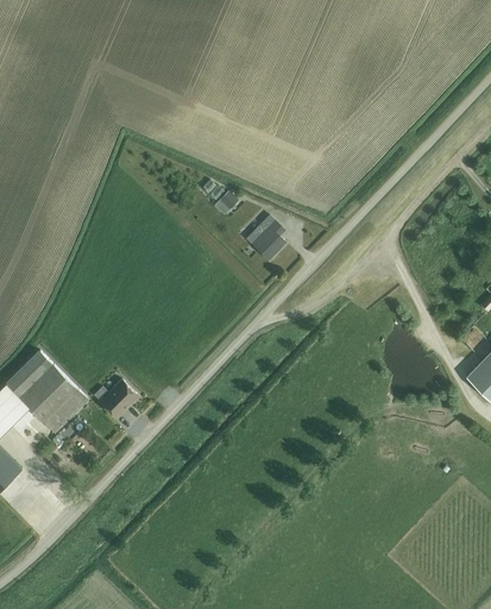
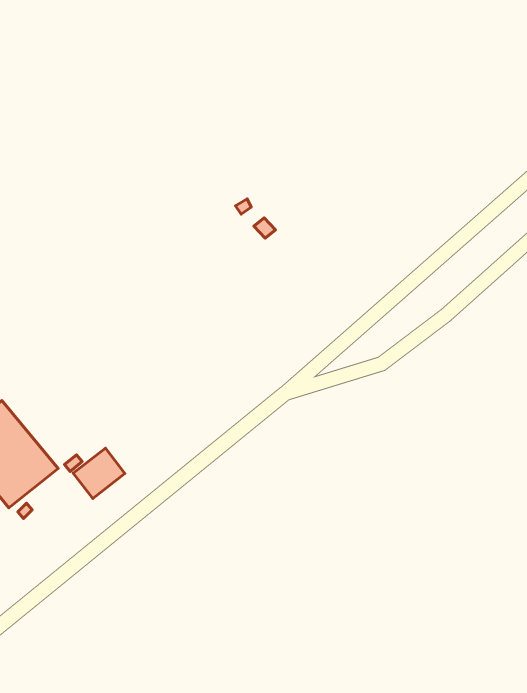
building: [250,215,284,259] -> none

